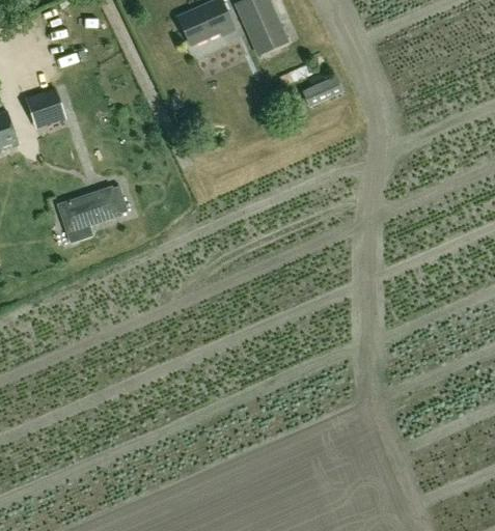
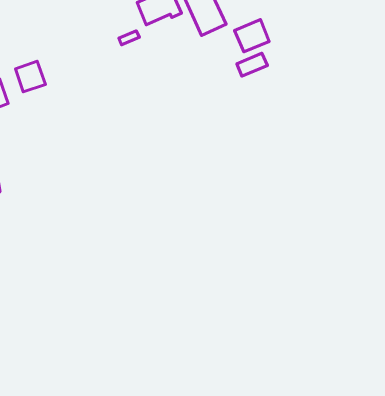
building: none -> [235,19,269,52]
building: [59,185,129,233] -> none

